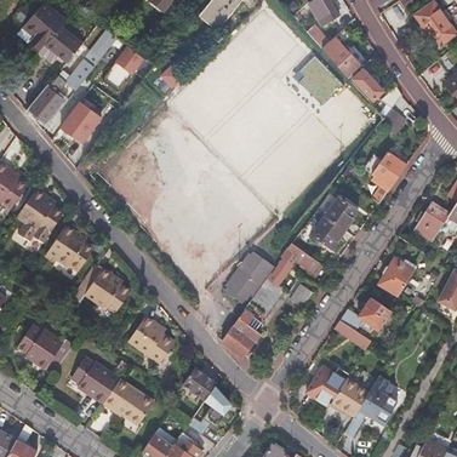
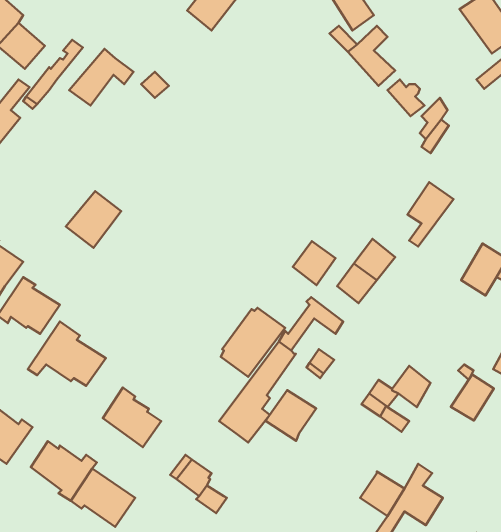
building: [59,97,103,142] -> [66,191,121,248]
building: none -> [293,241,335,285]
building: [378,258,412,295] -> [451,375,494,421]
building: [305,366,345,406] -> [266,390,316,441]

